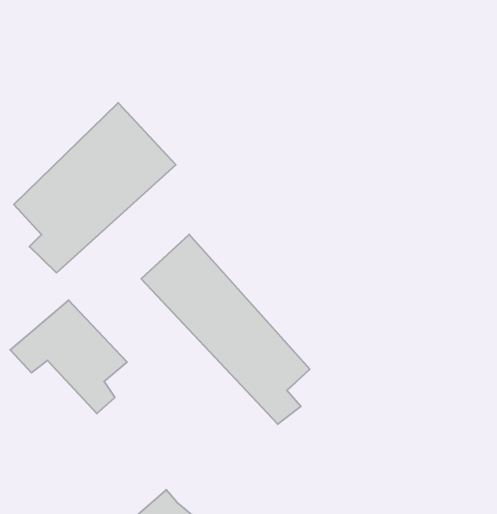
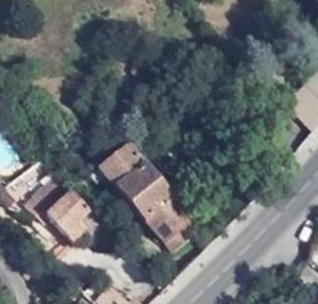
building: [14,103,176,273] -> none

